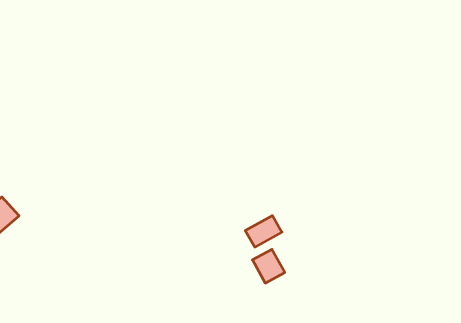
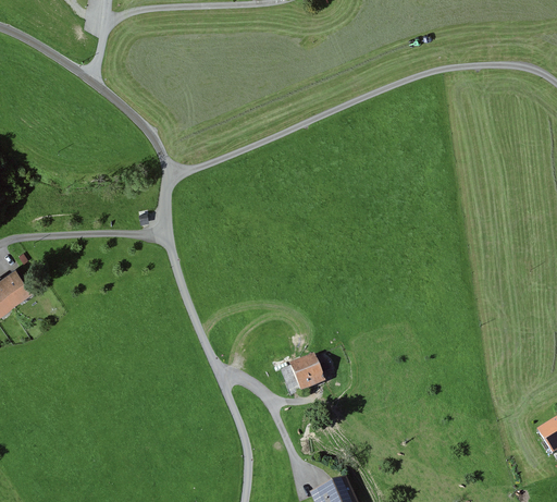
building: [245,216,282,247] -> none

